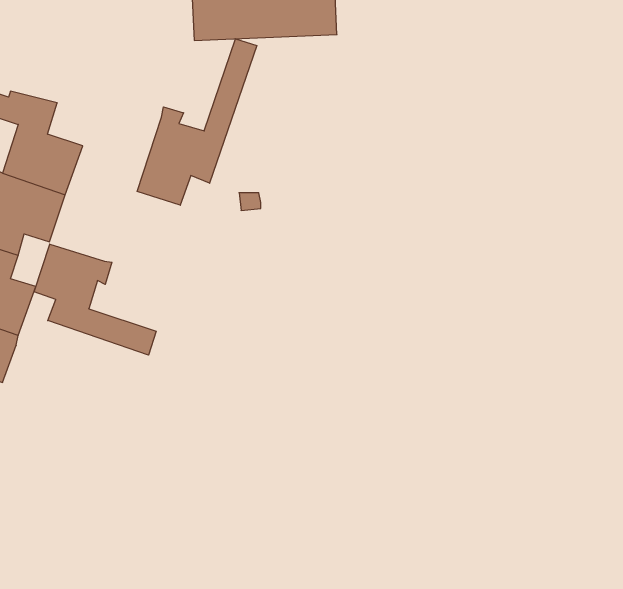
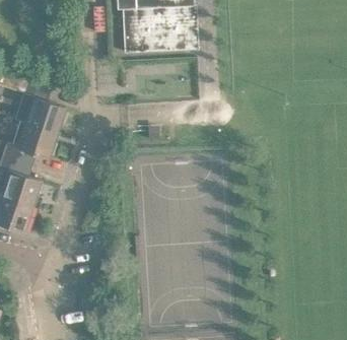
building: [137,39,257,205] -> none
building: [34,244,156,355] -> none

